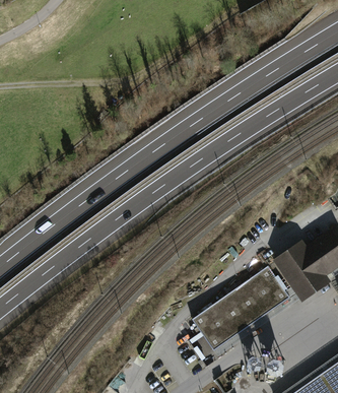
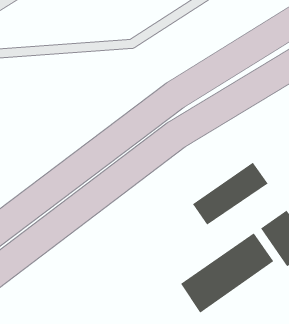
building: none -> [192,162,268,226]

